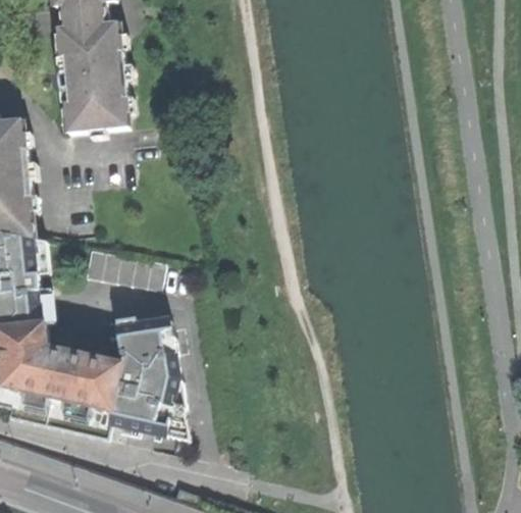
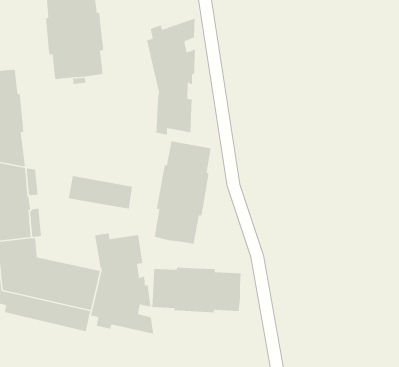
building: none -> [146,17,196,136]
building: none -> [154,141,211,245]
building: none -> [151,267,241,313]

